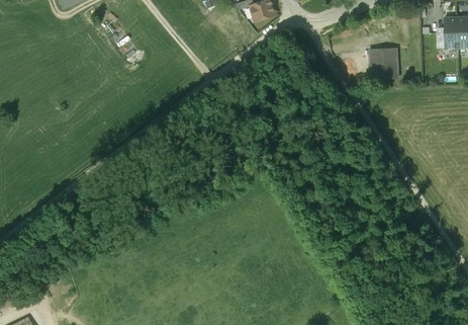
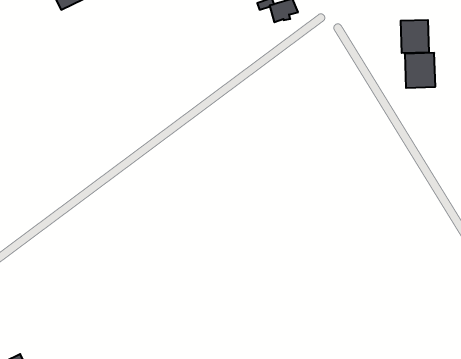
building: none -> [401,20,429,53]

